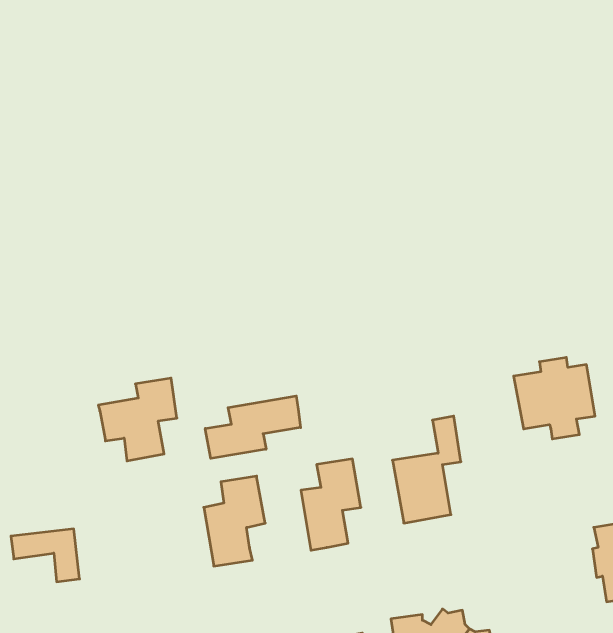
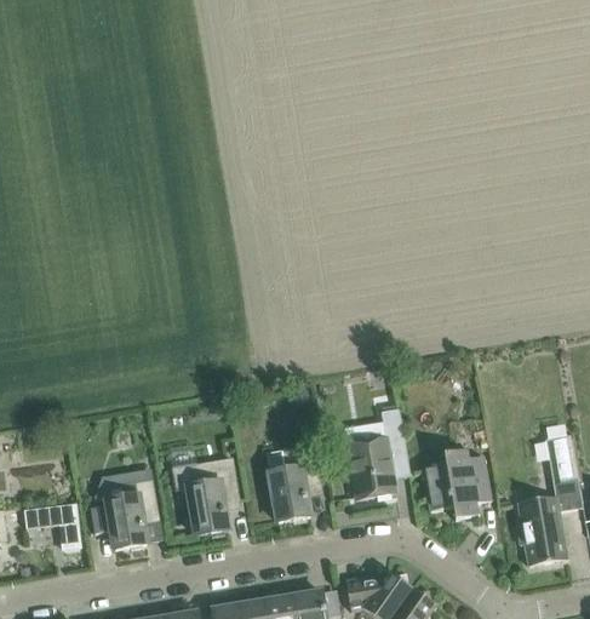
building: [514,357,595,439] -> [420,451,489,520]
building: [98,378,177,461] -> [88,480,155,550]
building: [205,396,301,458] -> none

